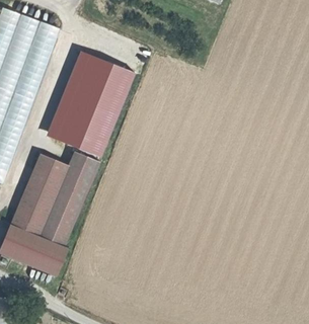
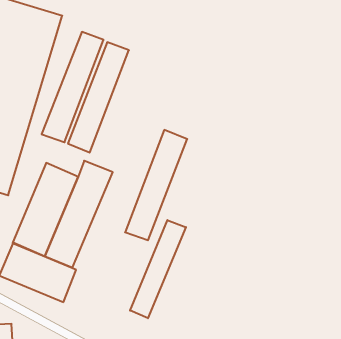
building: [83,56,138,153] -> [125,130,187,240]
building: none -> [130,220,186,318]

